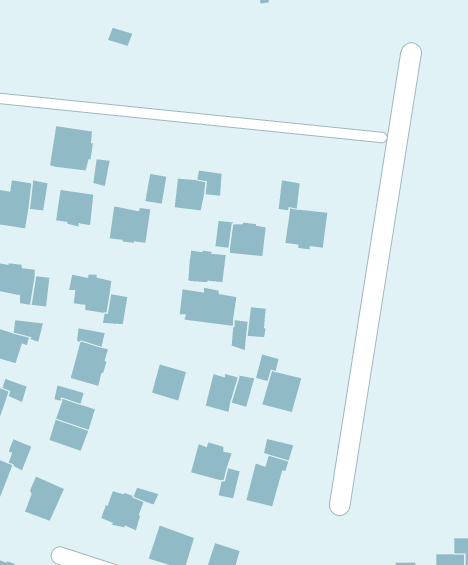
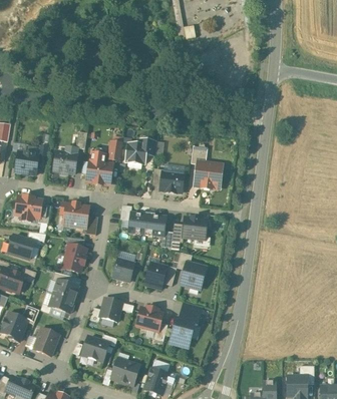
building: [50,126,93,171] -> none
building: [187,250,226,283] -> [182,218,206,238]
building: none -> [98,298,121,322]

